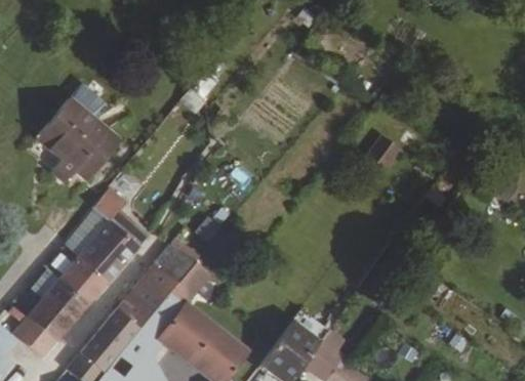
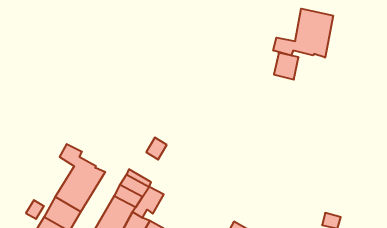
building: none -> [273,9,333,58]
building: [36,98,118,183] -> none

